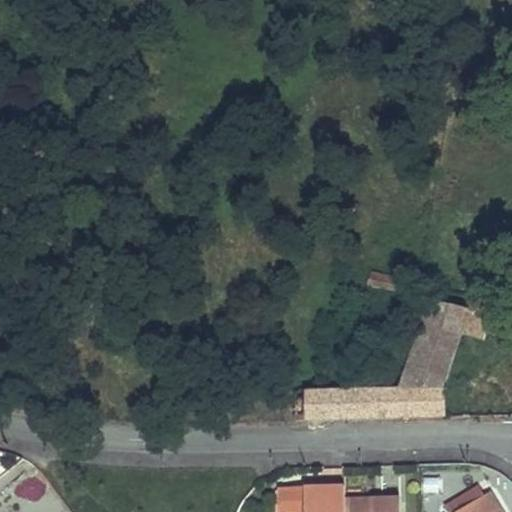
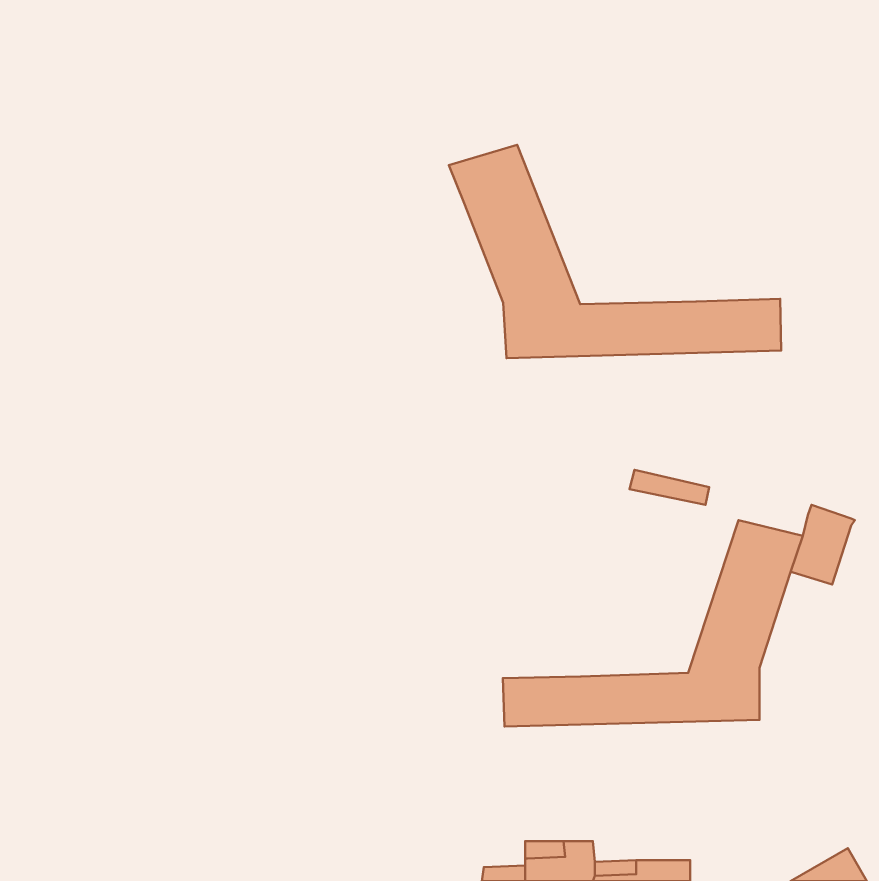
building: none -> [449,145,781,358]

